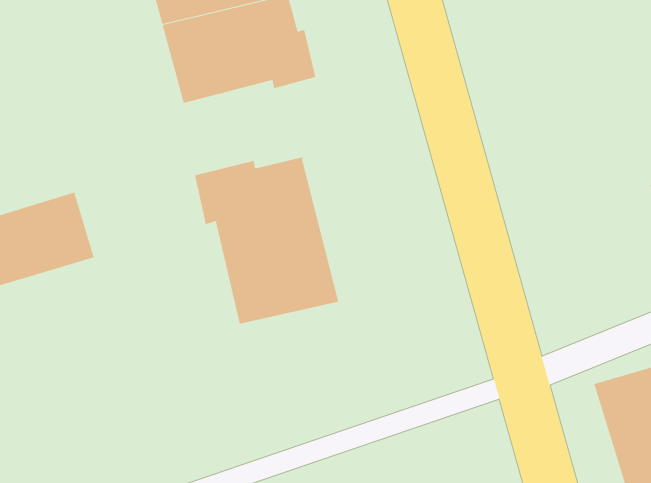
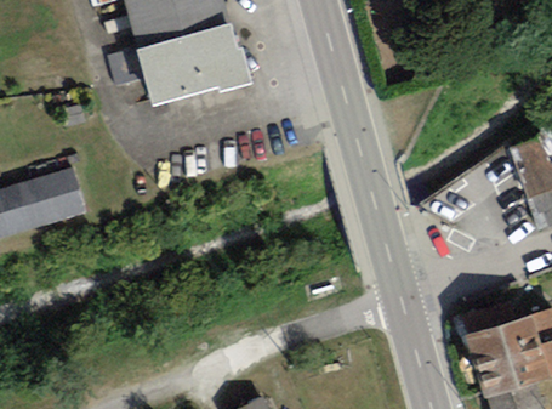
building: [195,157,339,325] -> none

